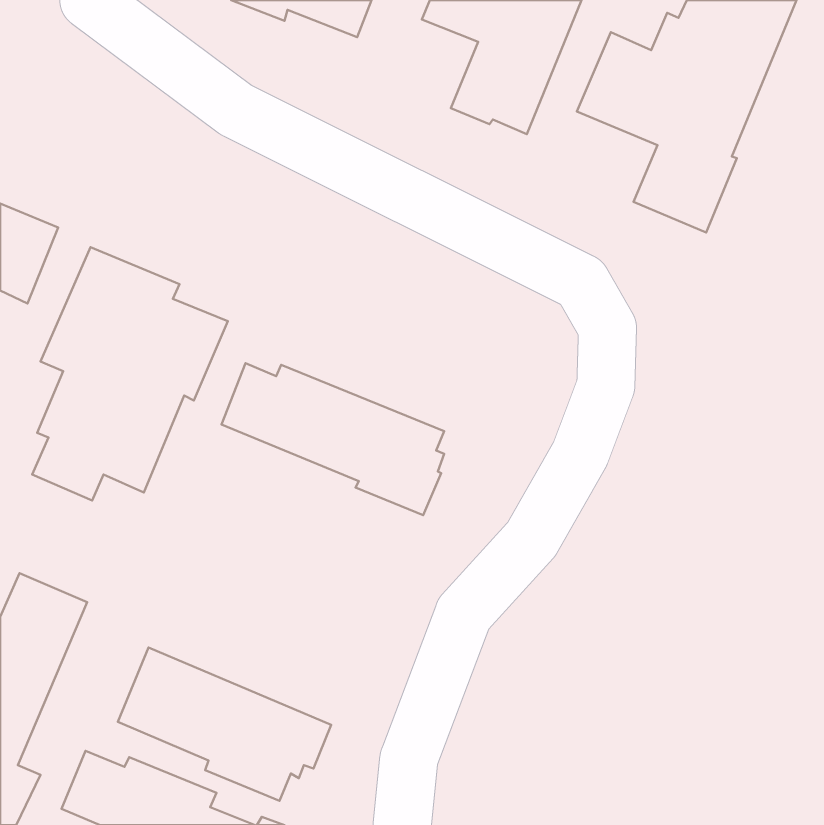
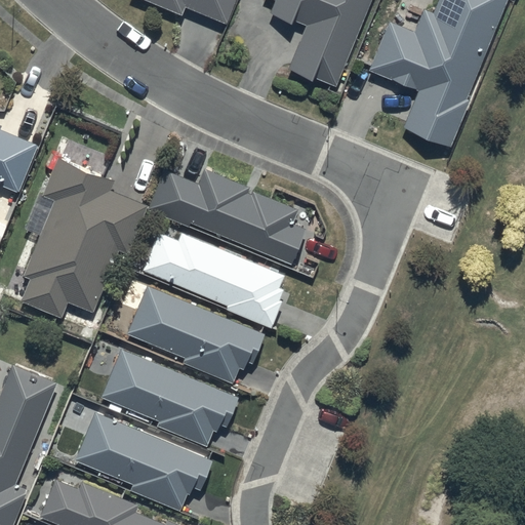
building: none -> [149,168,302,265]
building: none -> [128,286,265,380]
building: none -> [102,349,238,446]

